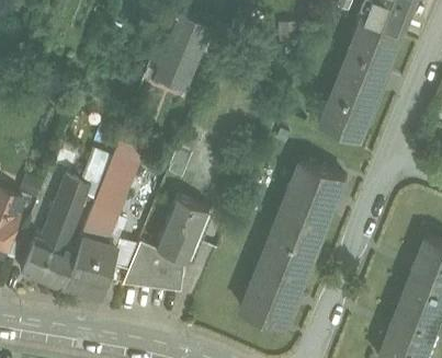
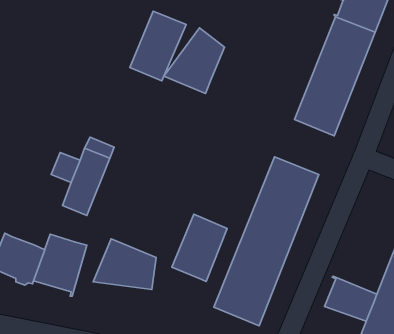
building: none -> [164,28,225,93]
building: [41,173,88,245] -> none
building: [155,193,209,259] -> [172,214,227,282]
building: [79,206,115,242] -> none
building: none -> [325,276,377,321]

